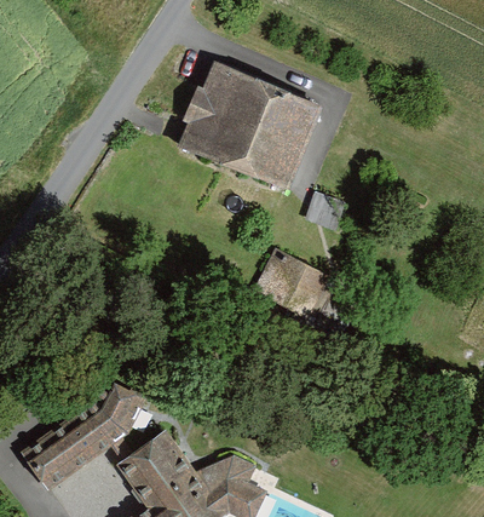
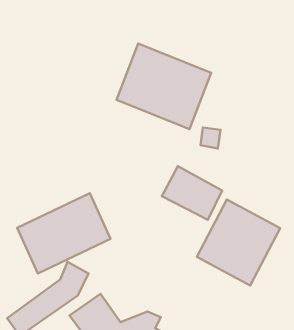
building: none -> [17,193,111,273]
building: none -> [197,199,280,286]

